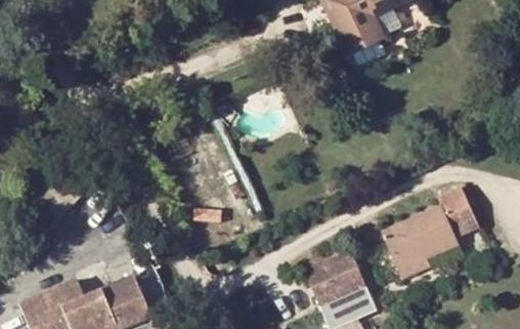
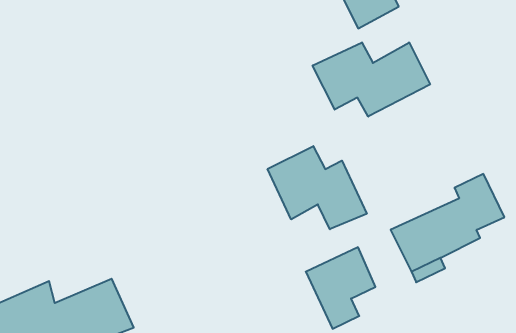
building: none -> [313,42,430,117]
building: none -> [268,146,367,229]

